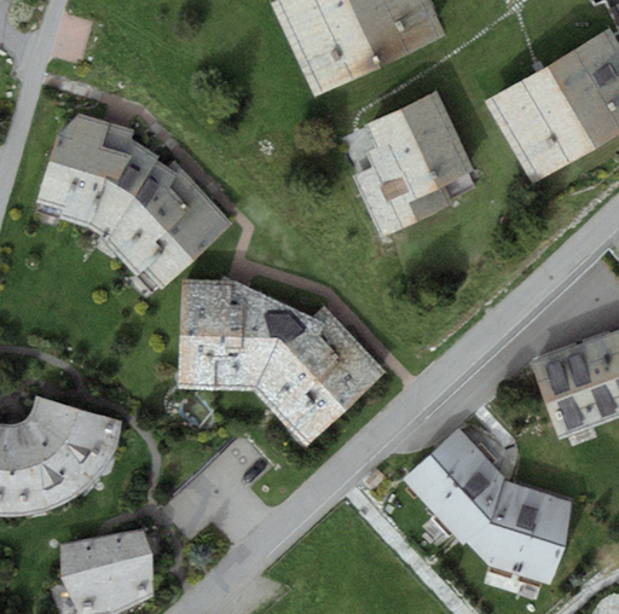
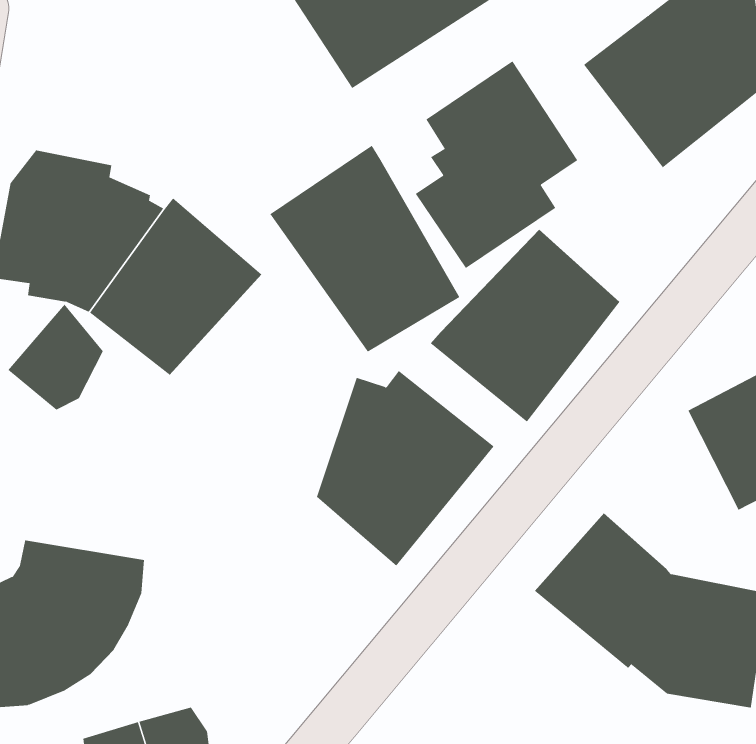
building: none -> [269,145,460,352]
building: none -> [430,229,620,422]
building: none -> [8,304,103,410]
building: [179,279,293,390] -> none

